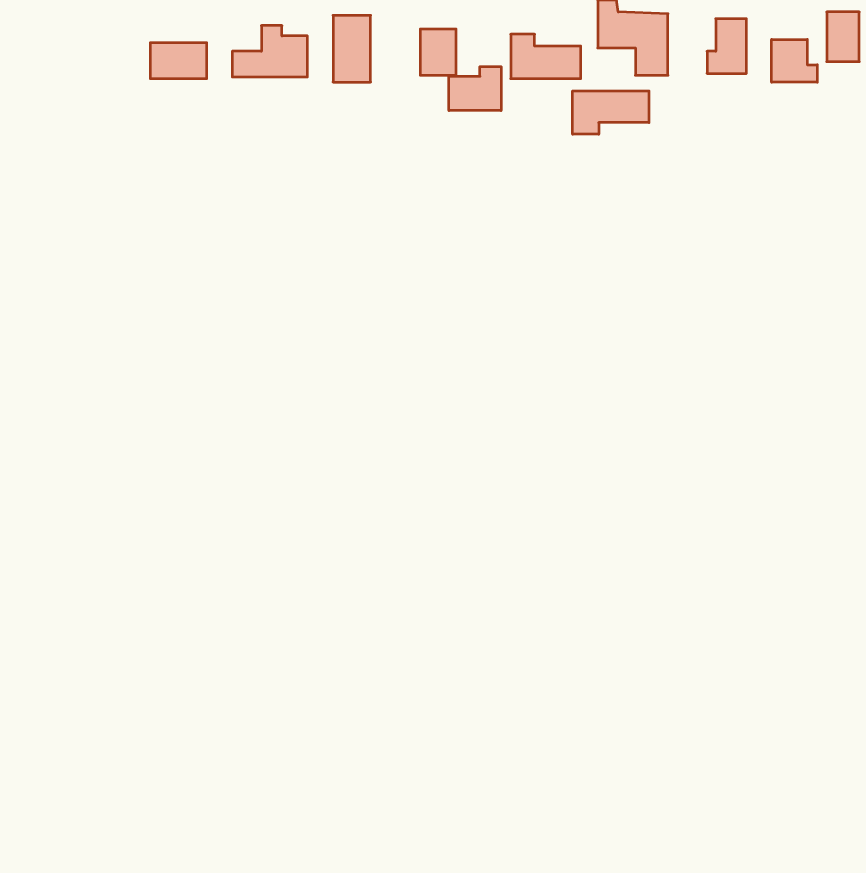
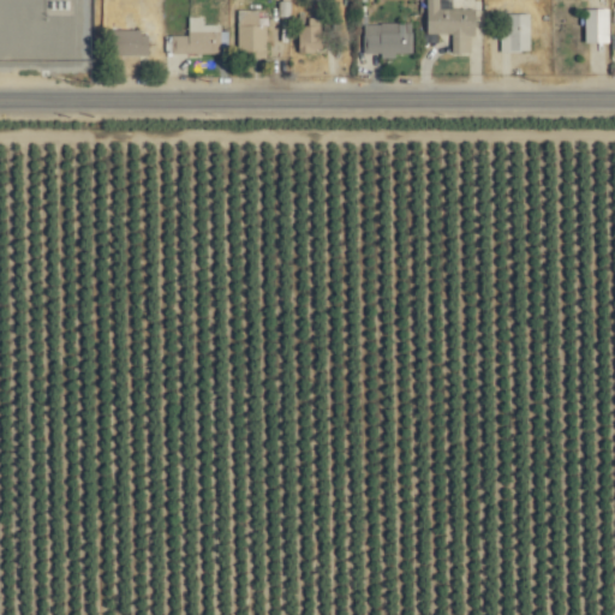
building: [772,39,817,82] -> none
building: [449,67,501,111] -> none
building: [573,91,649,134] -> none

